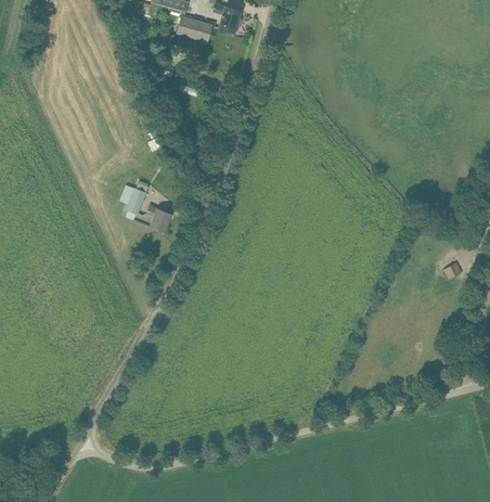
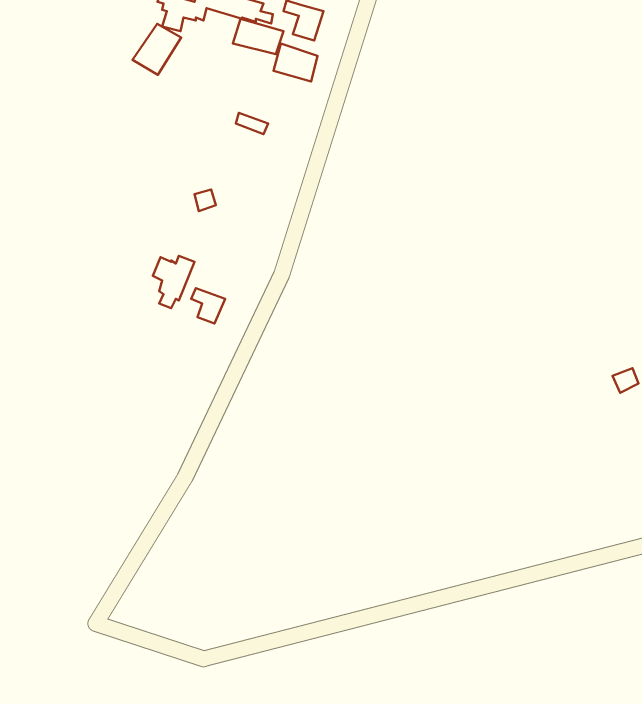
building: none -> [133,24,181,75]
building: none -> [274,43,318,82]

